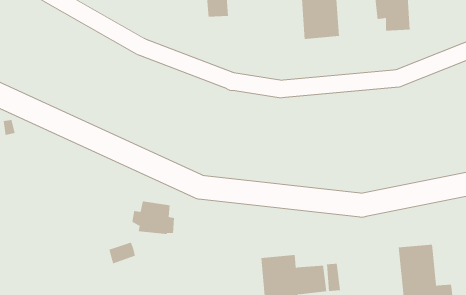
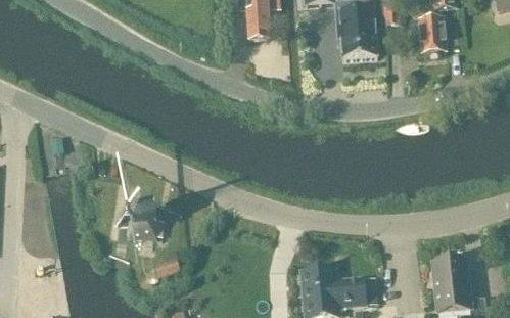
building: [132,201,175,235] -> [121,205,163,237]

